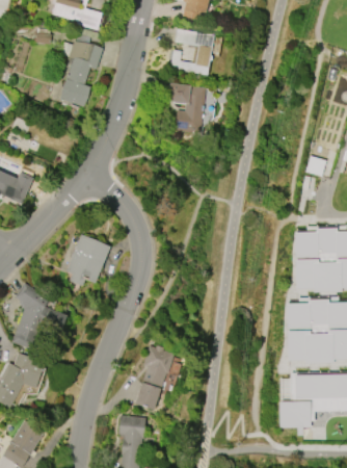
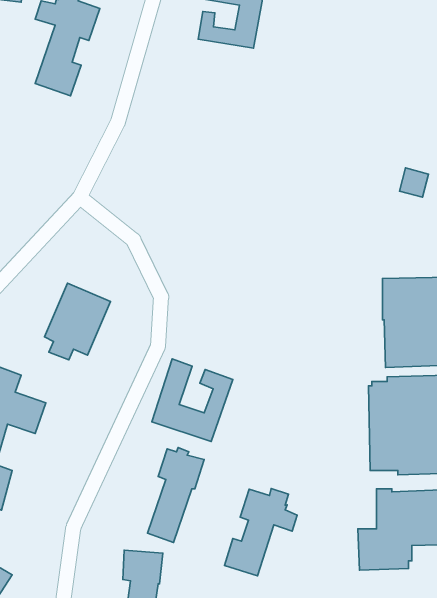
building: [168,82,206,133] -> none
building: none -> [152,359,233,442]
building: none -> [224,488,297,576]

